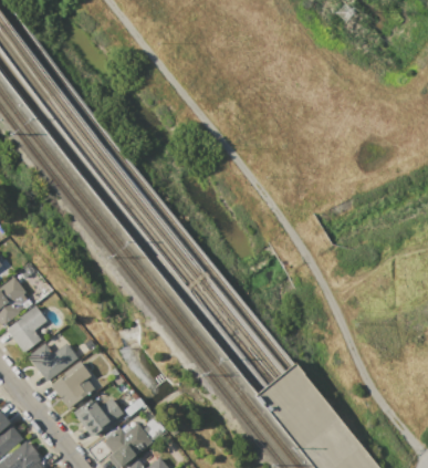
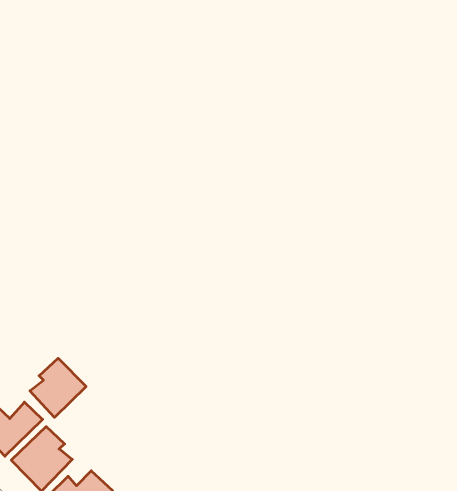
building: none -> [30,358,86,417]

